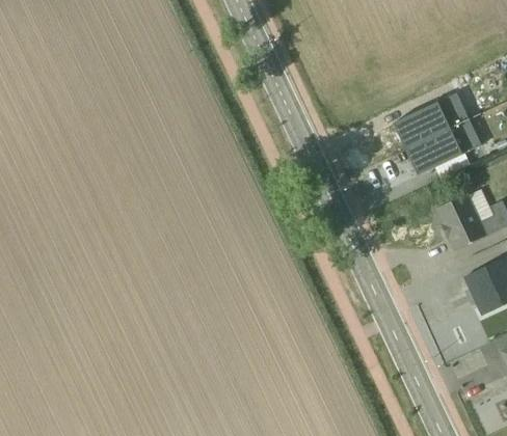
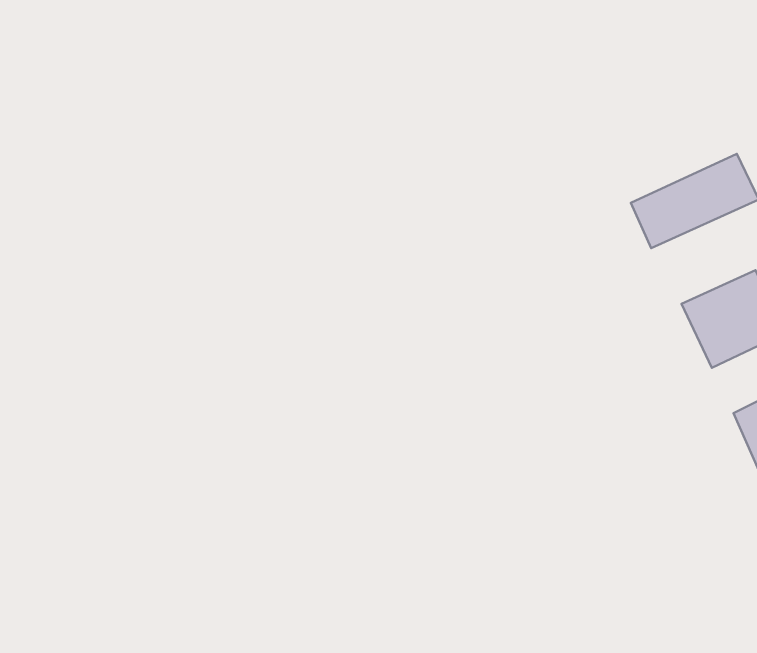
building: [393,92,470,147] -> none

